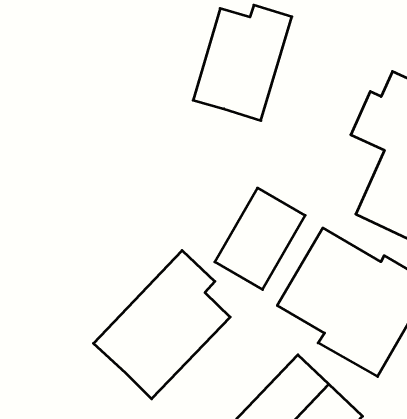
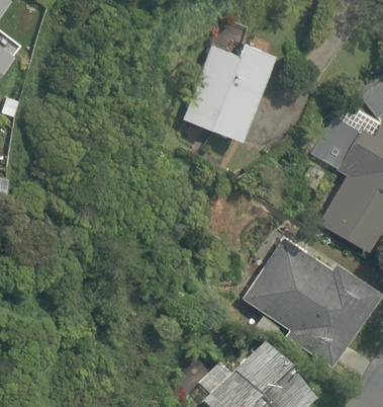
building: [215,188,305,290] -> none
building: [93,250,230,399] -> none

